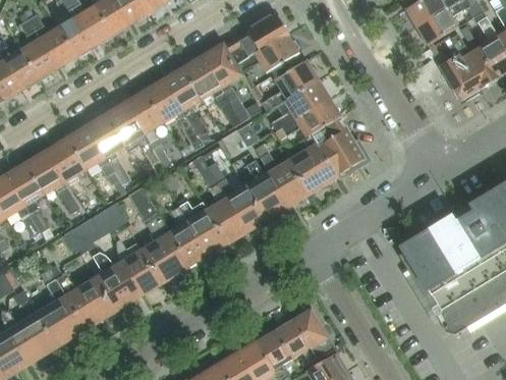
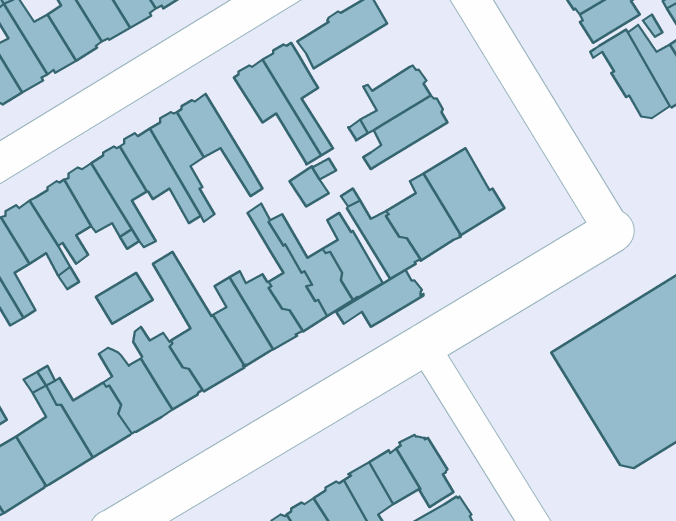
building: [237,32,302,77] -> none
building: [164,68,211,144] -> none
building: [281,99,340,138] -> [336,270,423,327]
building: [64,217,101,252] -> none

